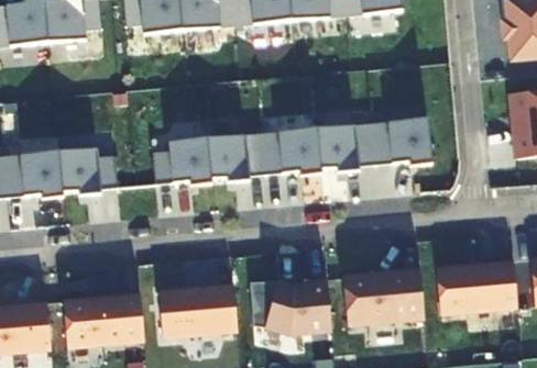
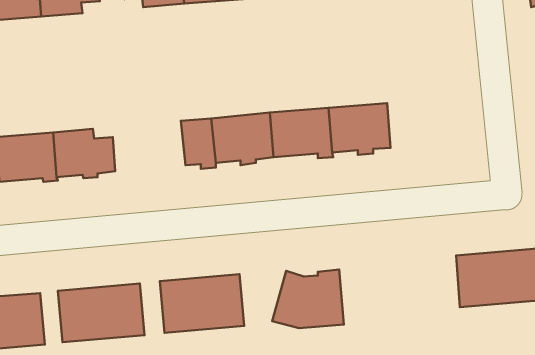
building: [371,118,430,164] -> none
building: [151,138,182,182] -> none
building: [342,268,423,324] -> none

